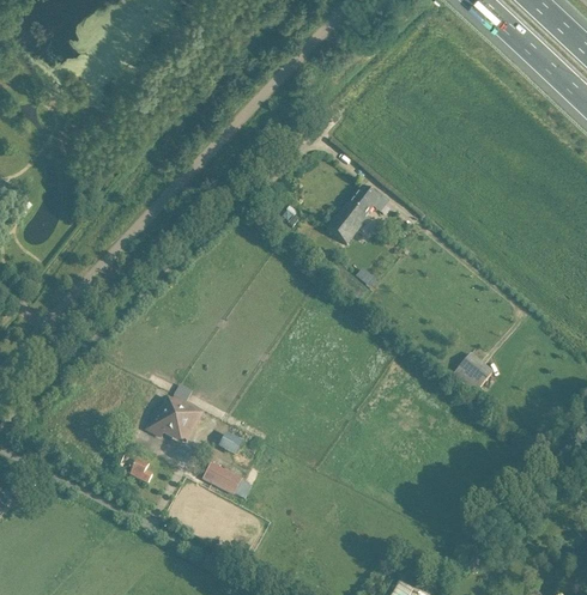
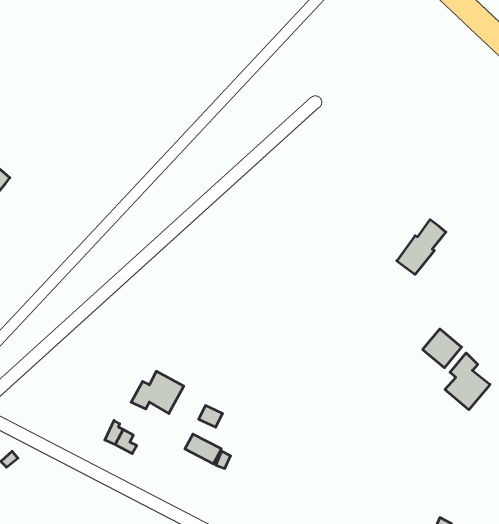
building: [328,186,380,243] -> [397,220,446,274]
building: none -> [445,353,490,410]

